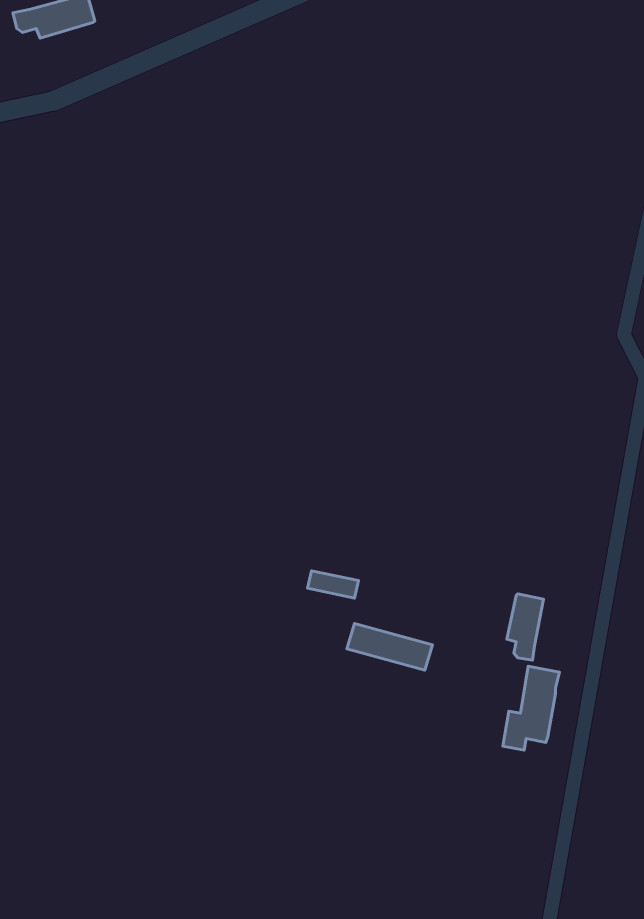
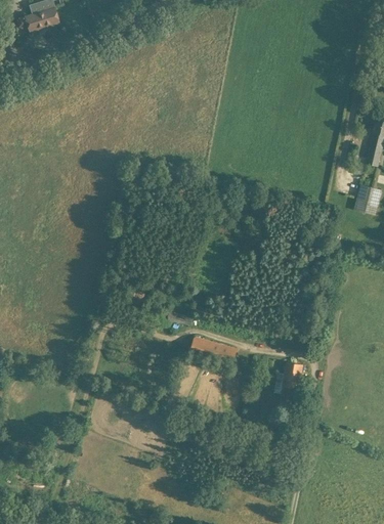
building: [507,594,544,660] -> none

